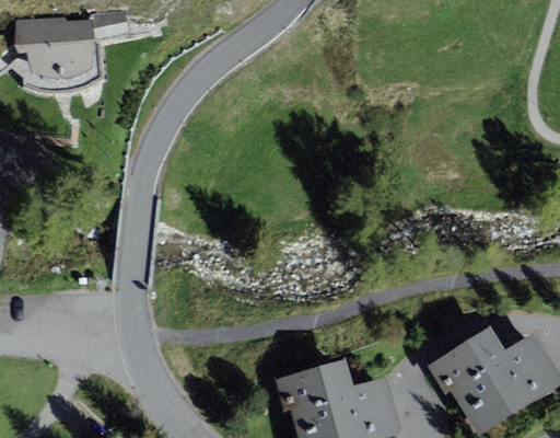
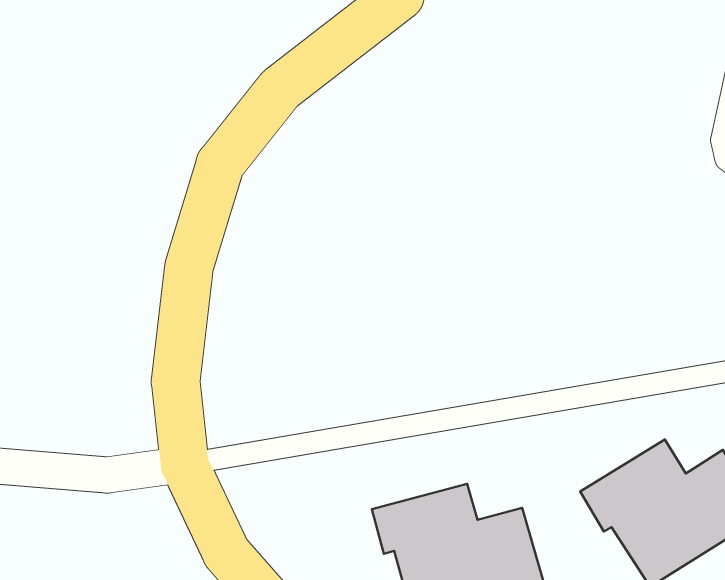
building: [15,10,128,79] -> none

